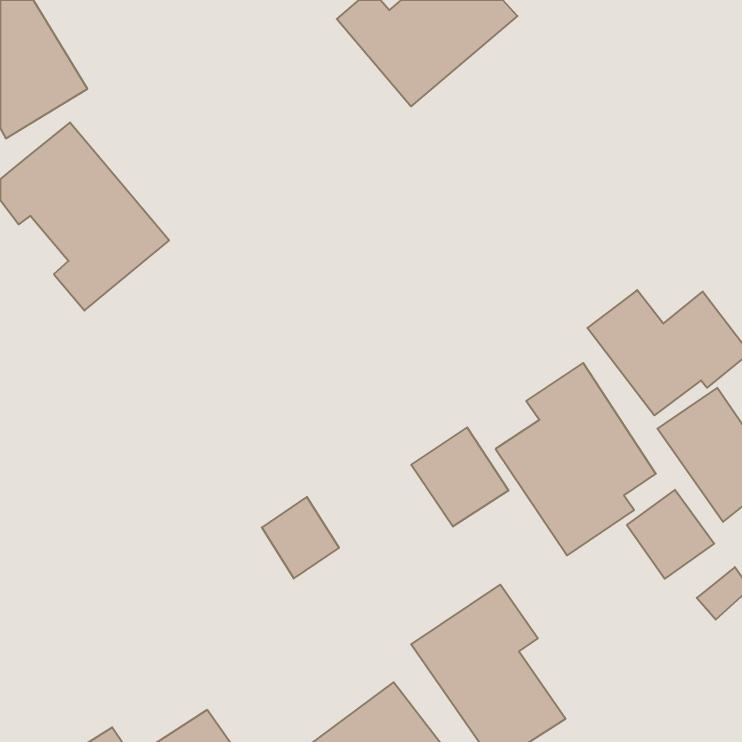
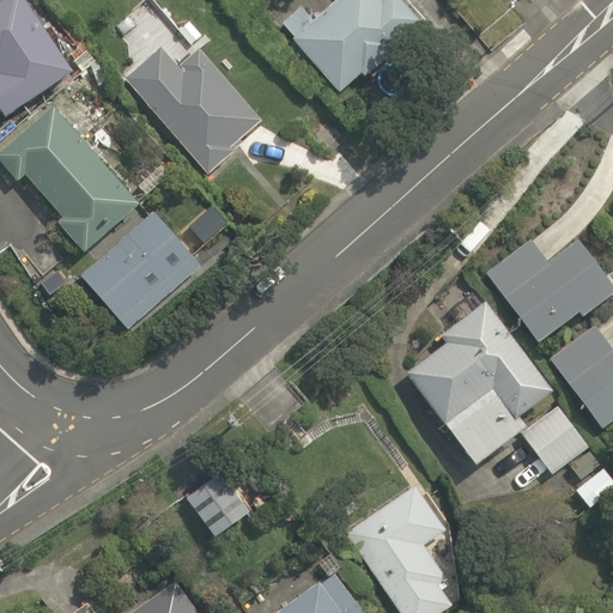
building: none -> [125,43,260,172]
building: none -> [83,194,212,330]
building: [411,427,508,527] -> none
building: [262,497,339,579] -> [186,471,249,538]

